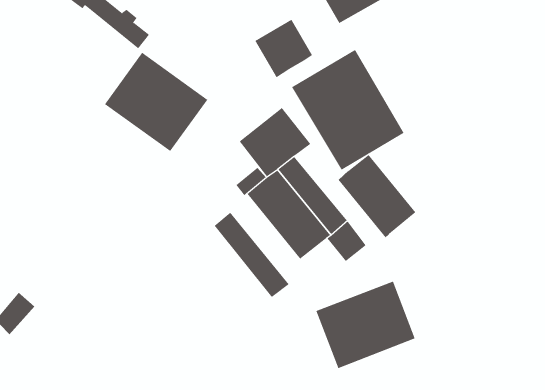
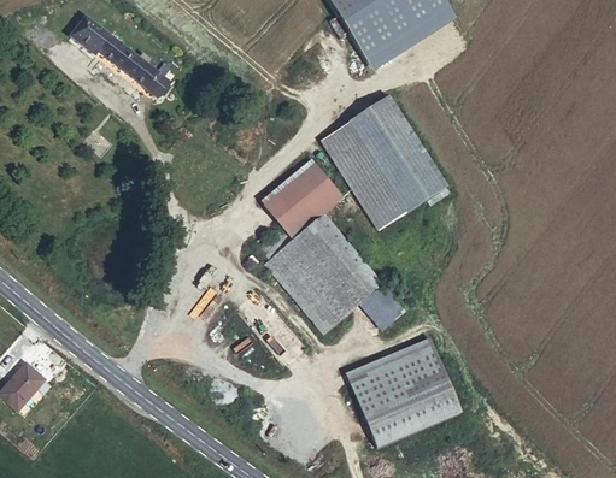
building: [254,19,313,78] -> none
building: [104,52,208,152] -> none
building: [338,154,416,238] -> none
building: [214,212,289,298] -> none

